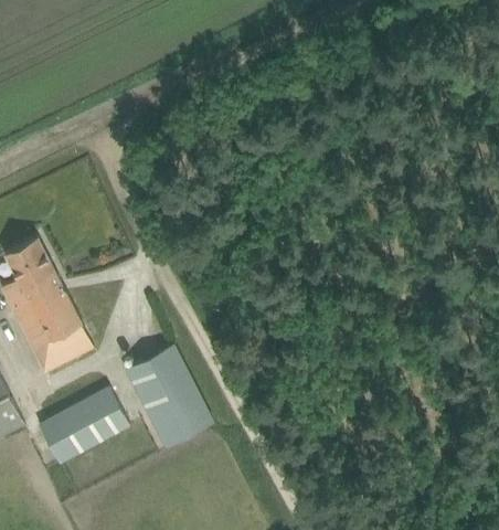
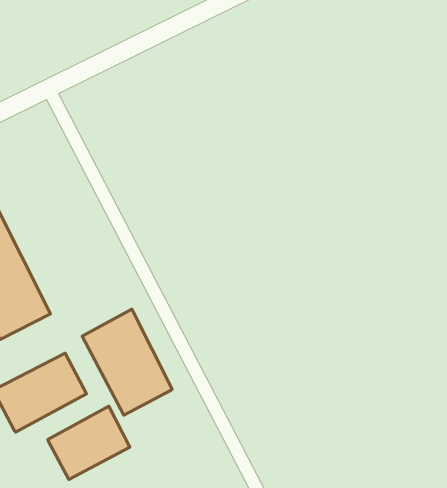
building: none -> [48,406,130,479]

